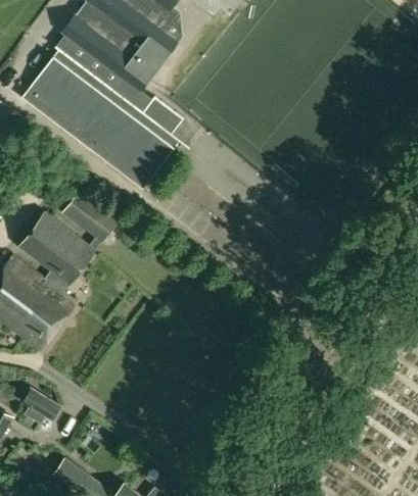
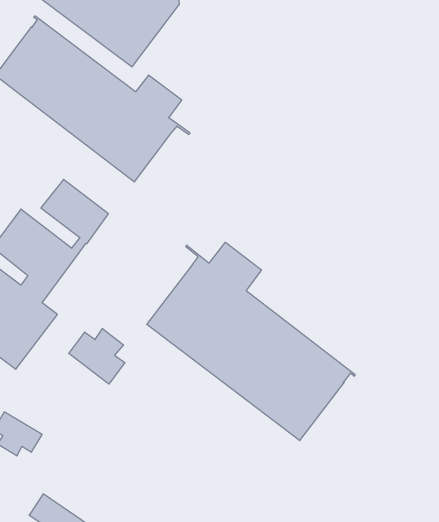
building: none -> [147,242,355,441]
building: none -> [69,329,125,384]

